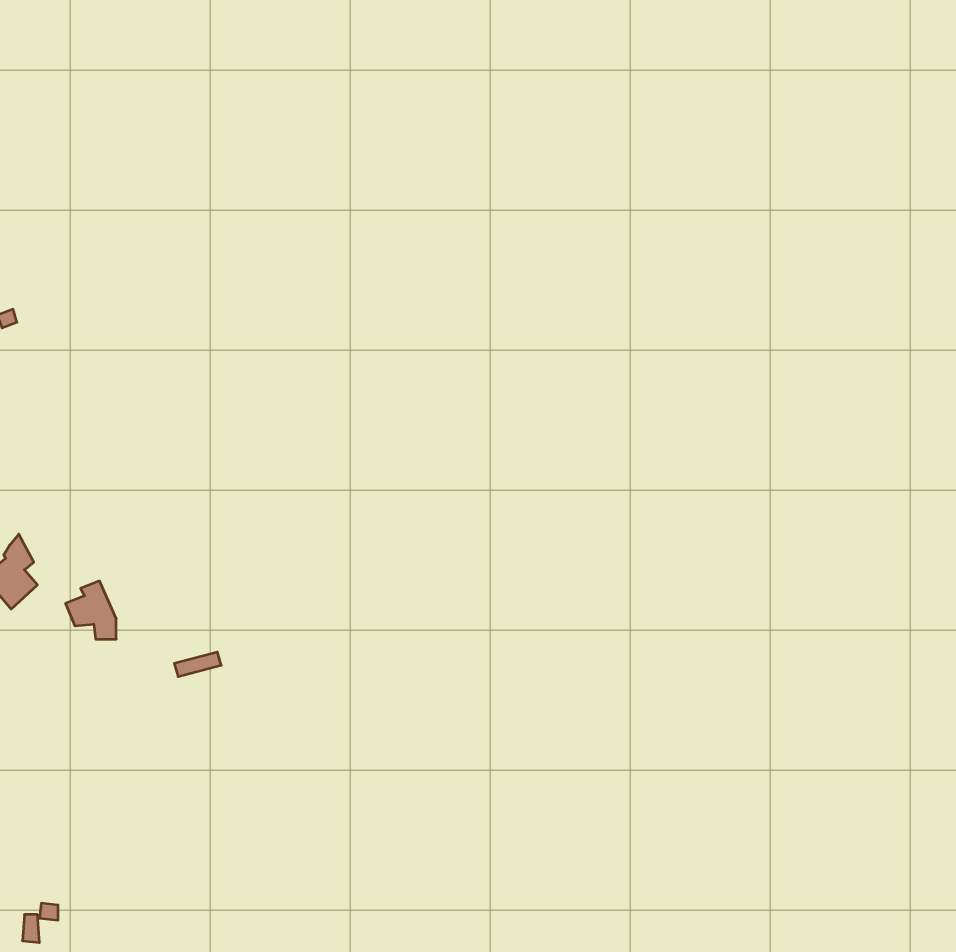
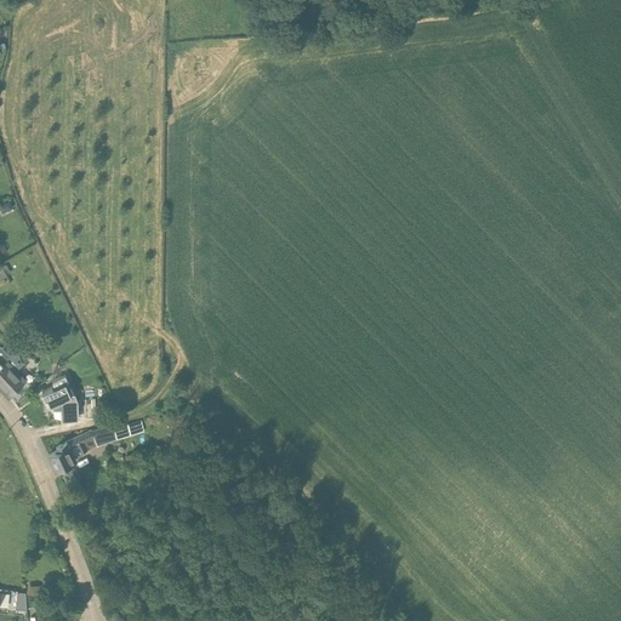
building: none -> [47,434,96,473]

